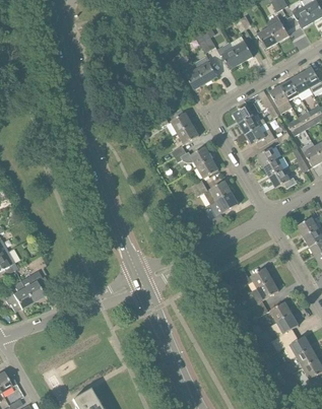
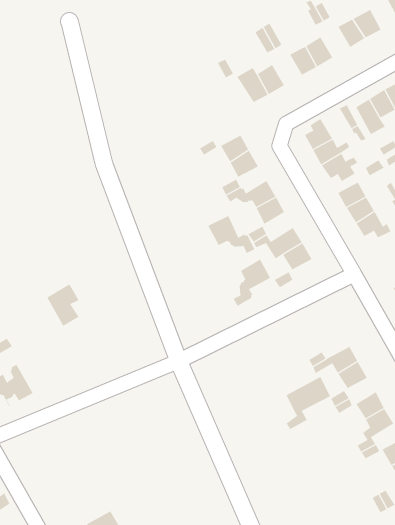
building: none -> [208,215,255,254]
building: none -> [233,259,271,307]
building: [20,270,45,301] -> [46,284,80,326]
building: none -> [286,376,331,430]

